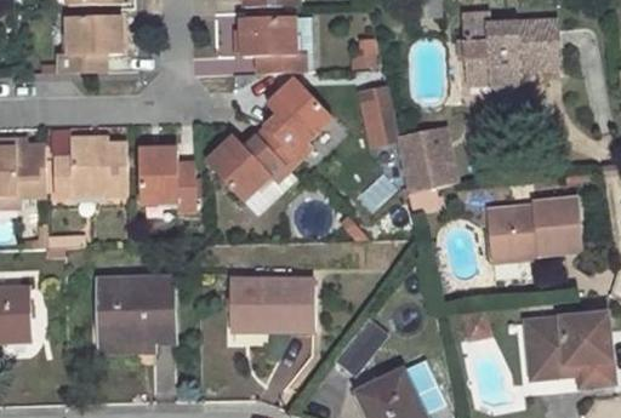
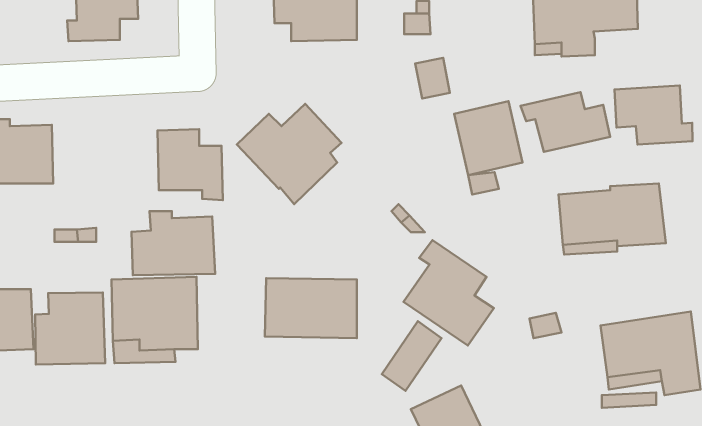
building: [267,81,332,161] -> none
building: none -> [615,86,692,144]
building: none -> [520,92,610,152]
building: [56,139,129,195] -> [131,211,215,275]
building: none -> [404,240,494,346]
building: none -> [35,292,105,365]

